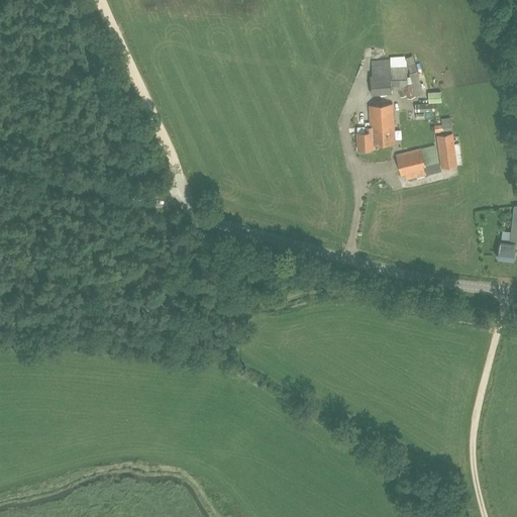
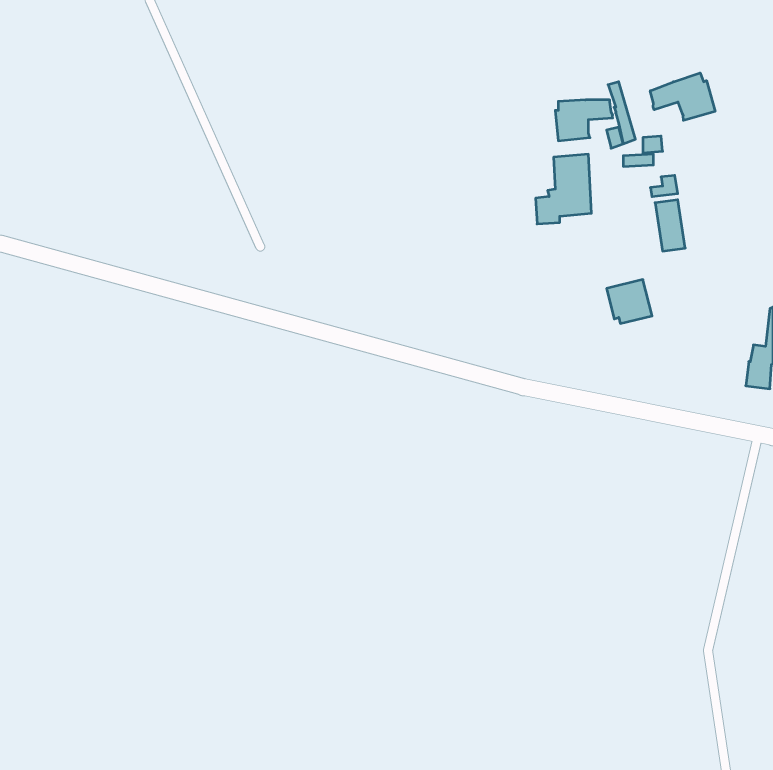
building: none -> [650,73,715,120]
building: [397,150,427,180] -> [607,280,652,323]

